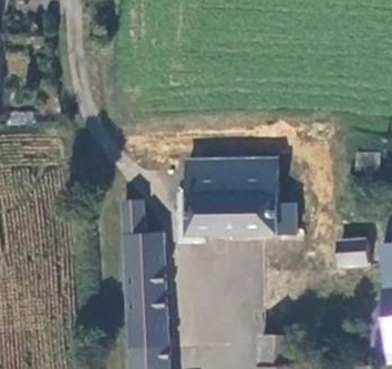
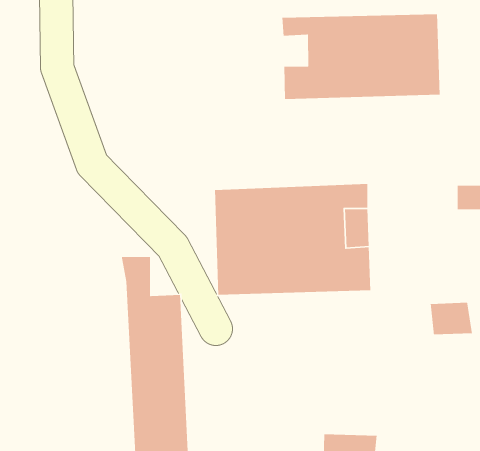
building: none -> [282,13,441,100]

